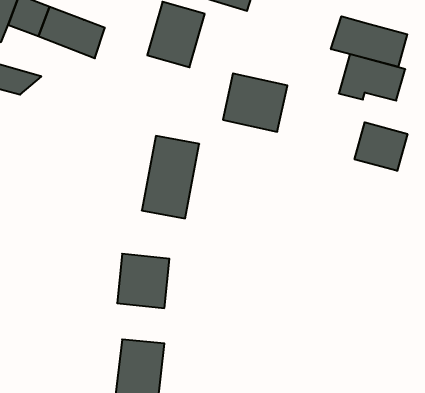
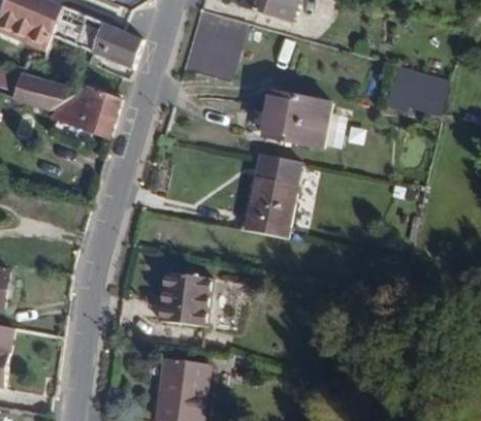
building: [331,16,407,67] -> none
building: none -> [46,85,122,137]
building: [355,122,407,171] -> none
building: [142,136,199,218] -> [243,153,301,237]

